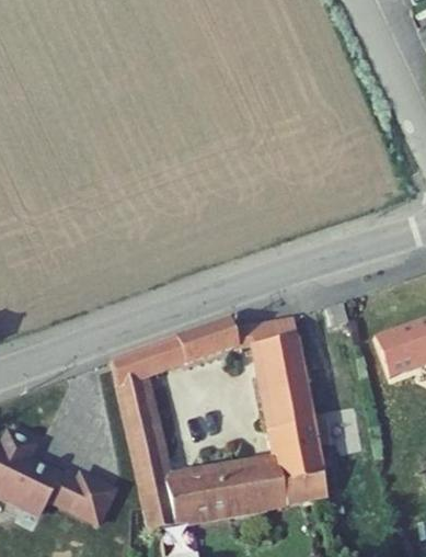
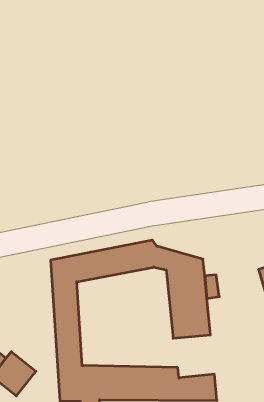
building: [273,420,329,477] -> none

